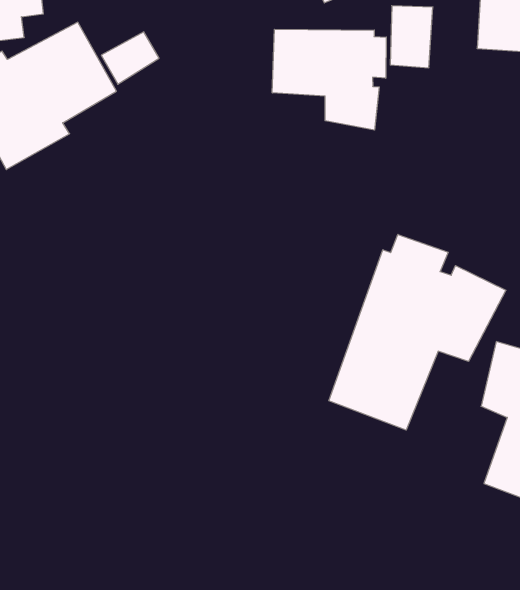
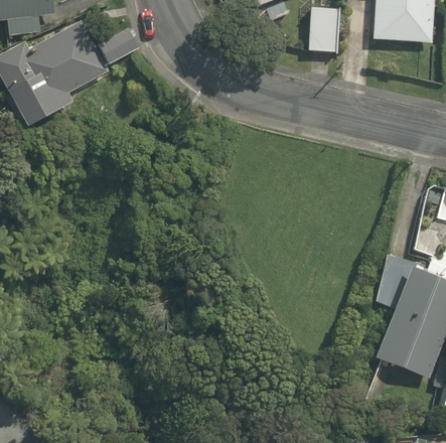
building: [272,29,386,130] -> none
building: [329,234,506,430] -> none

